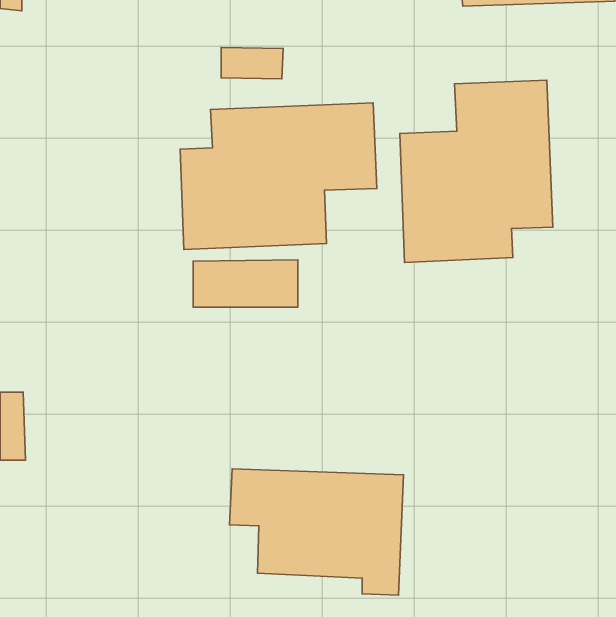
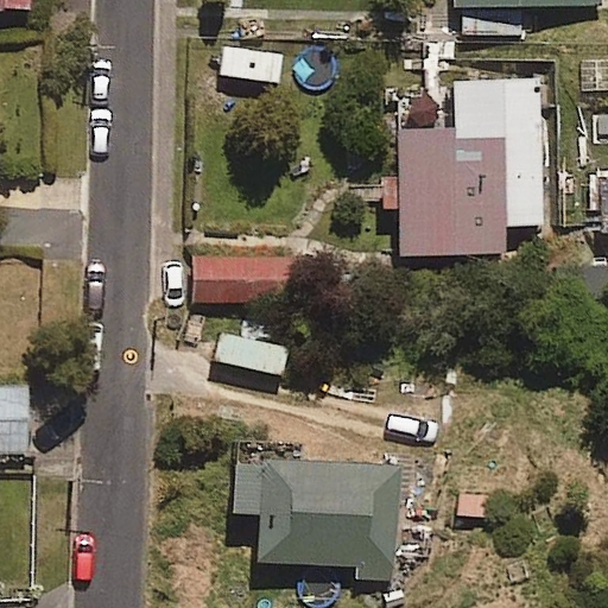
building: [180,103,377,250] -> none

